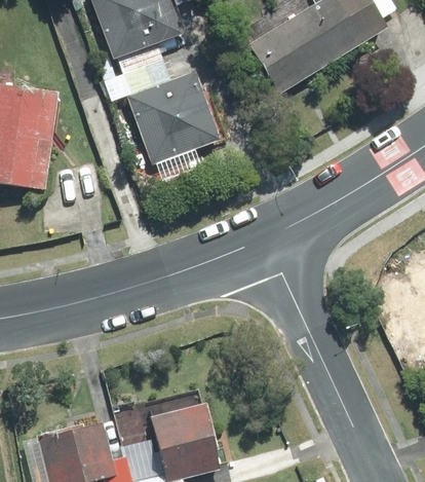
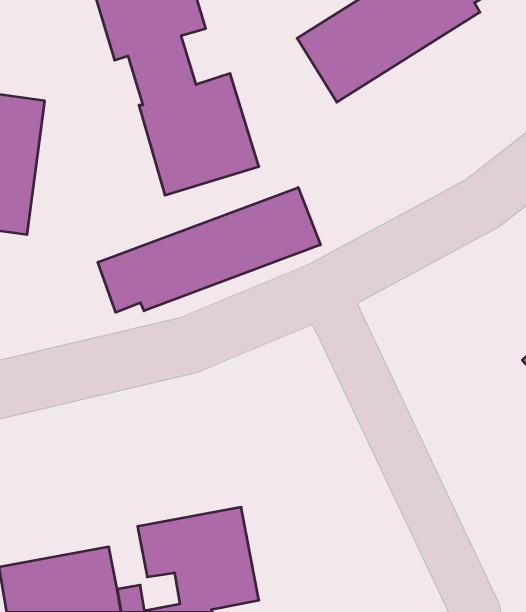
building: none -> [98,187,320,312]

